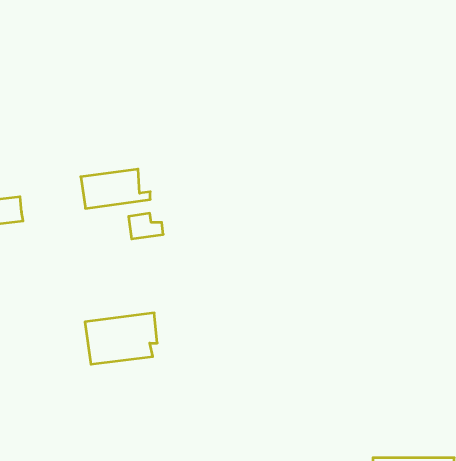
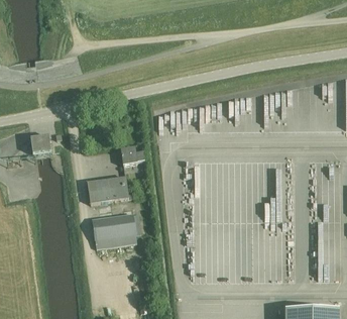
building: [81,169,150,208] -> [88,177,134,203]

